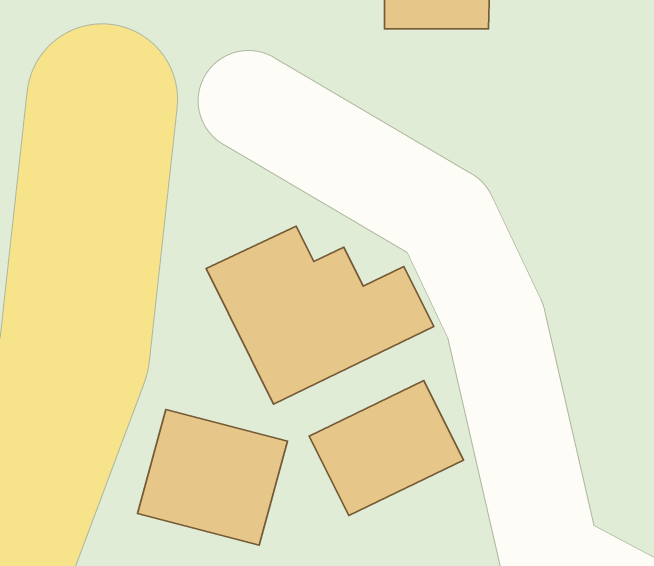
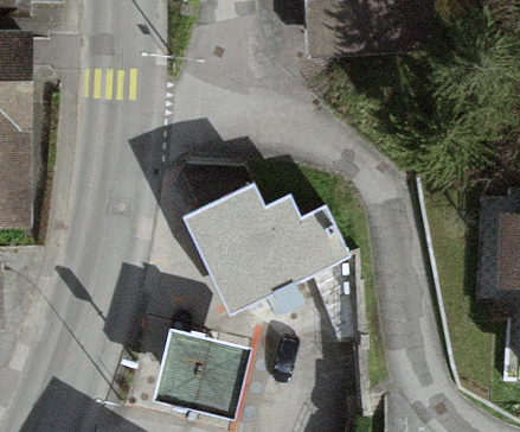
building: [309,381,463,516] -> none

